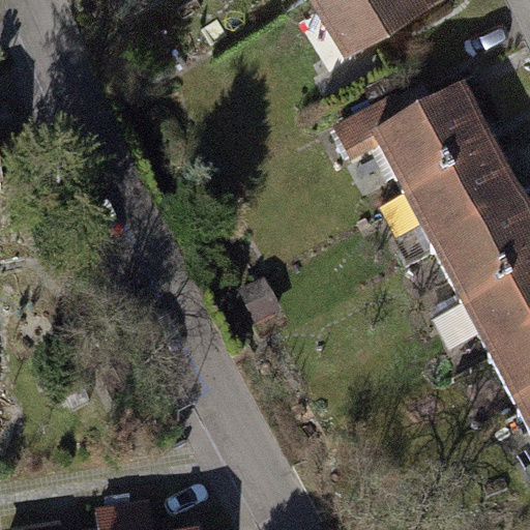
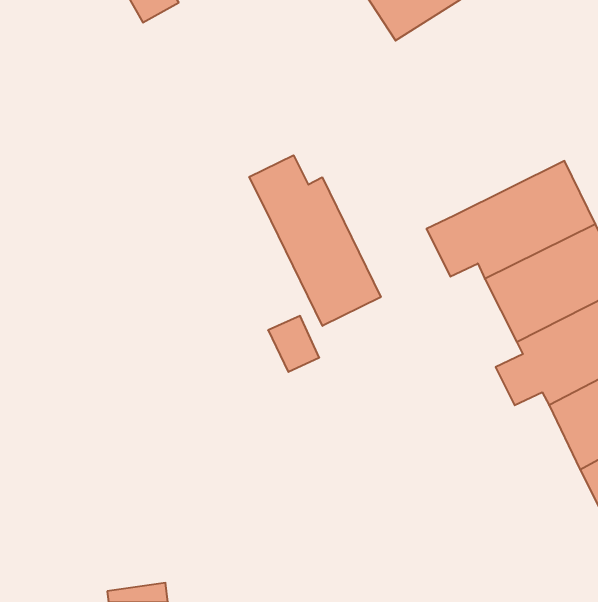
building: [340,84,500,187] -> none
building: none -> [249,155,381,326]

